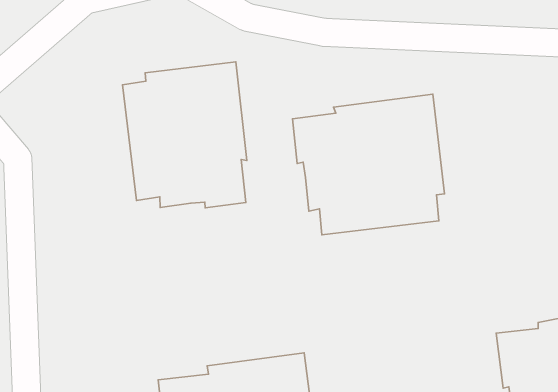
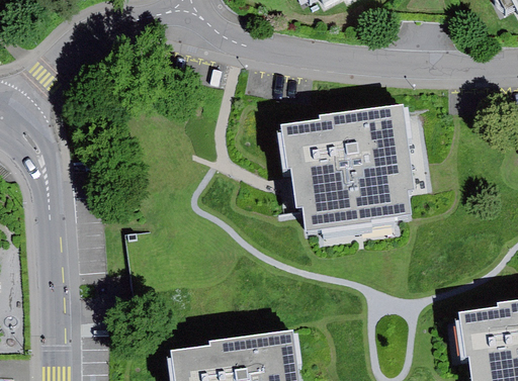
building: [123,62,247,208] -> none

